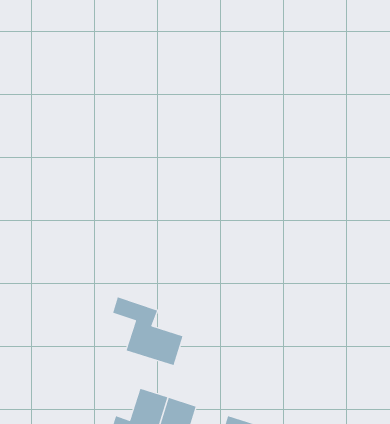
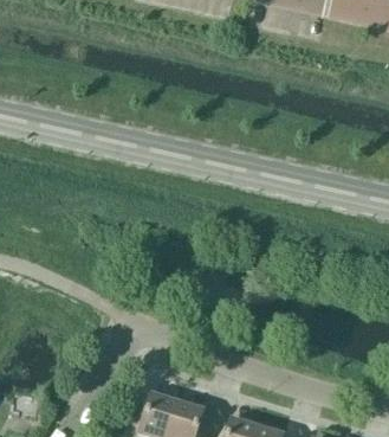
building: [112,297,183,366] -> none

